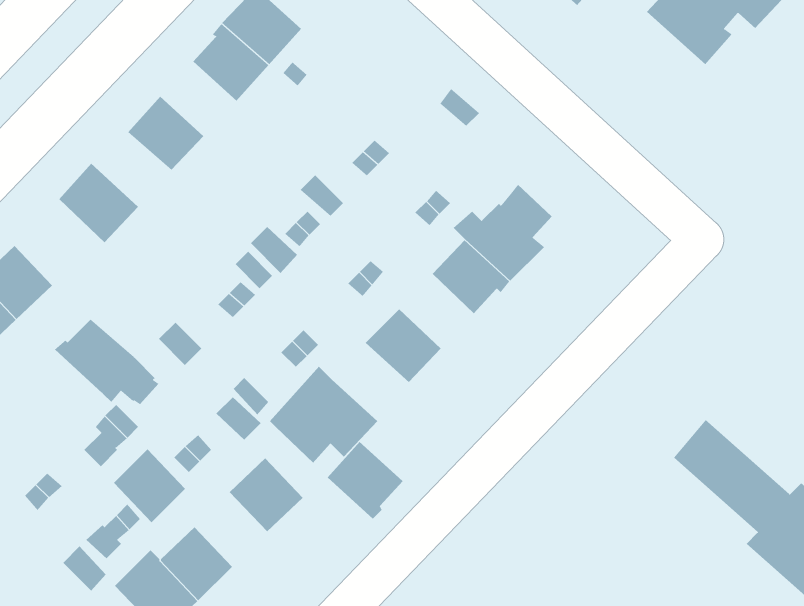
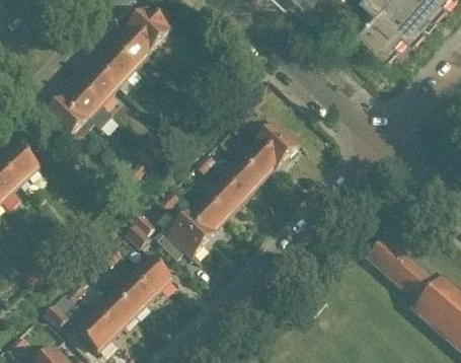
building: none -> [95,47,136,86]
building: none -> [222,159,261,199]
building: [54,319,159,405] -> [59,84,114,130]
building: [327,441,404,519] -> [186,196,227,237]
building: [113,448,186,523] -> [113,275,152,314]

